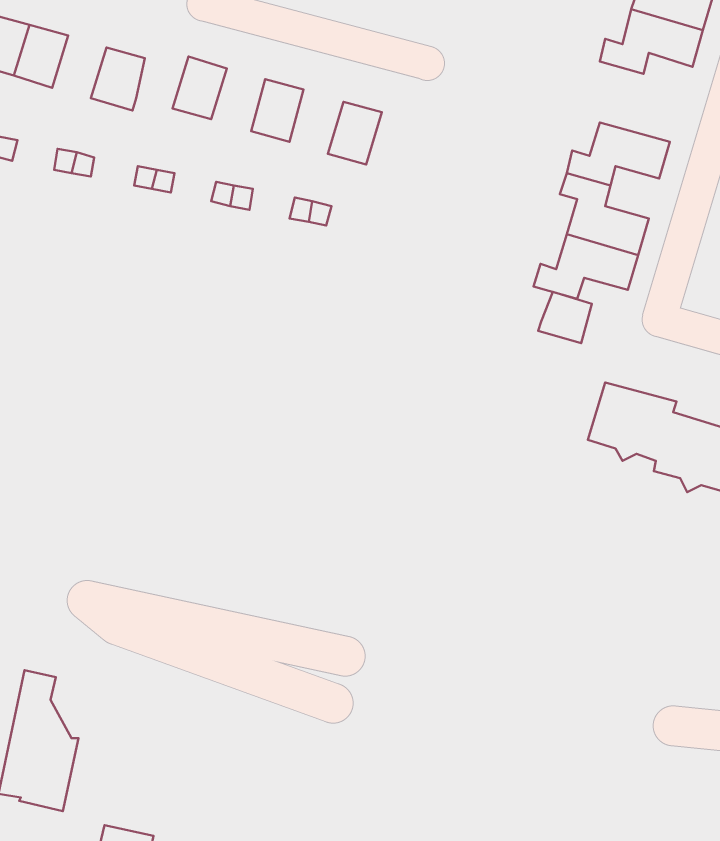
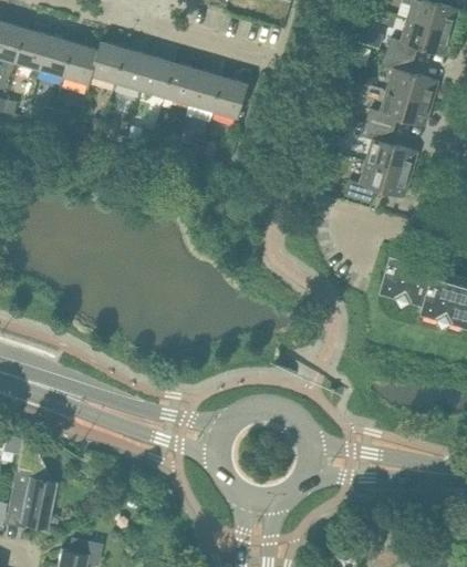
building: none -> [40,37,74,76]
building: none -> [93,43,126,83]
building: none -> [383,53,438,104]
building: none -> [141,58,175,97]
building: none -> [190,71,225,112]
building: [538,292,592,343] -> none

